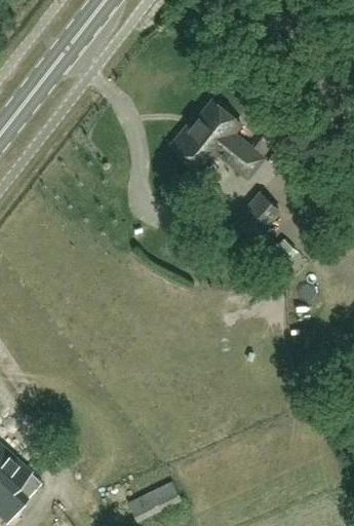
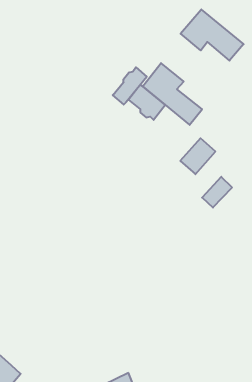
building: none -> [181,9,244,61]
building: none -> [113,67,147,105]

